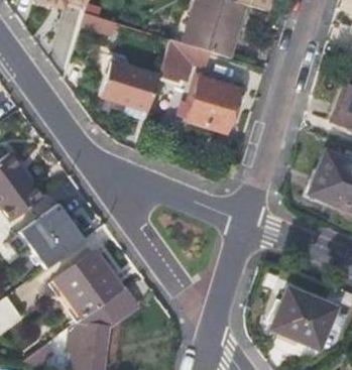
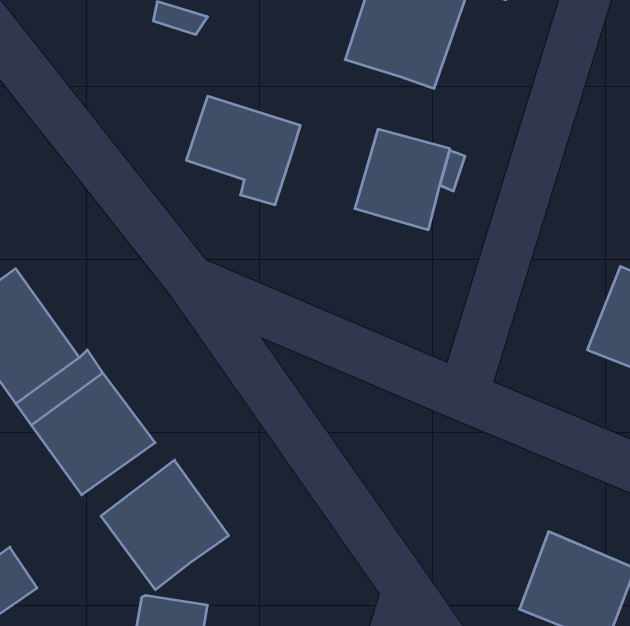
building: [154,39,211,97] -> none
building: [101,284,142,323] -> none

